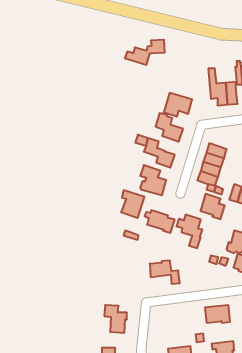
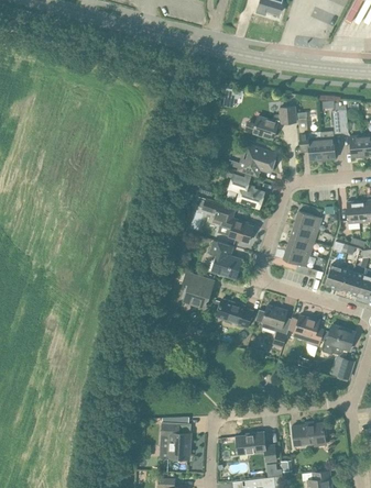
building: [125,40,165,65] -> [244,107,297,140]
building: [200,194,225,219] -> [293,314,325,347]
building: [150,260,180,284] -> [237,432,276,463]

